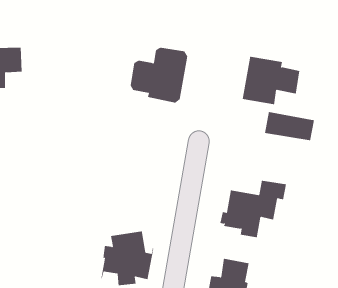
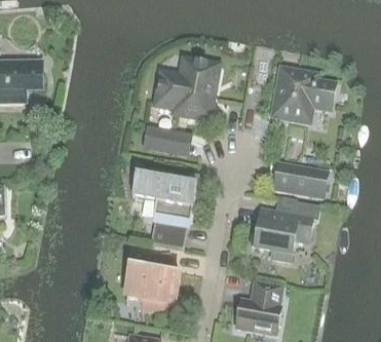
building: [264,112,315,141] -> [273,164,327,195]
building: none -> [145,129,189,153]
building: none -> [131,168,196,249]

